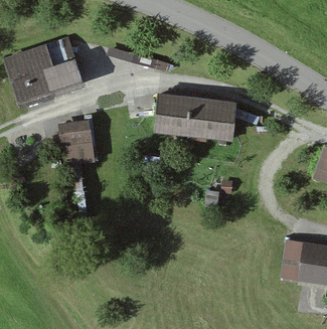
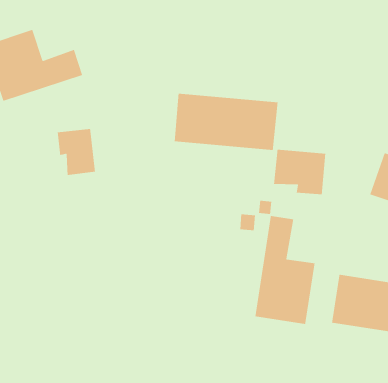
building: none -> [273,149,326,195]
building: none -> [255,215,316,325]

